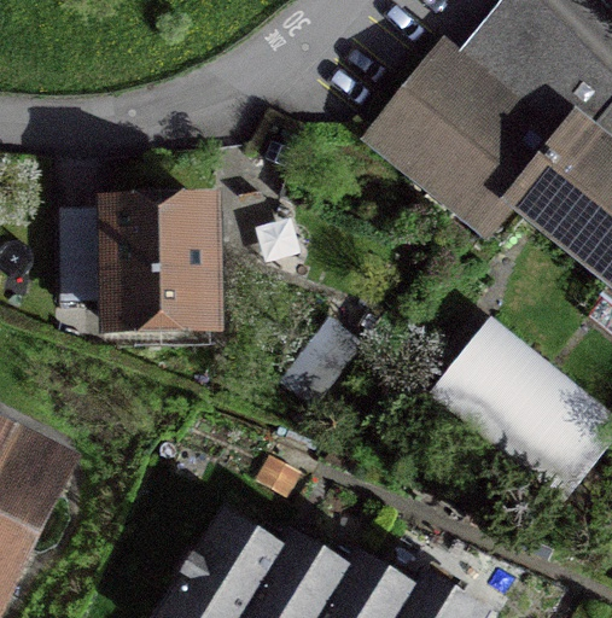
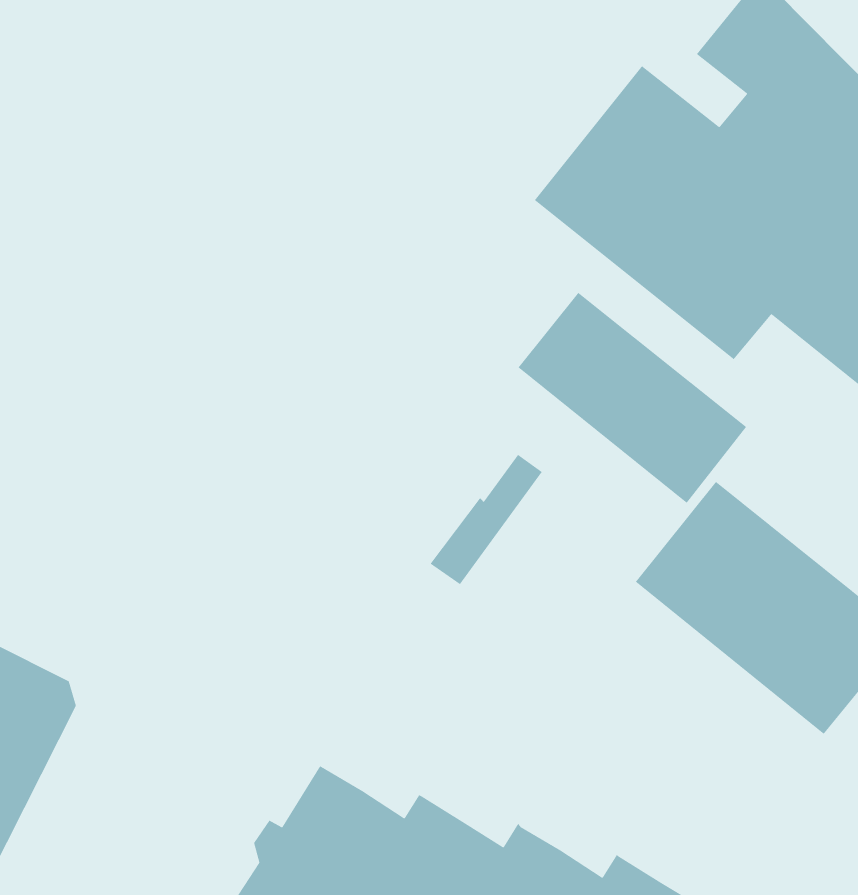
building: none -> [517,292,747,504]
building: [104,205,208,325] -> none

